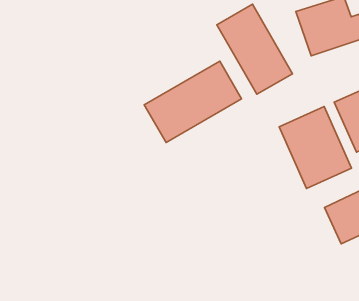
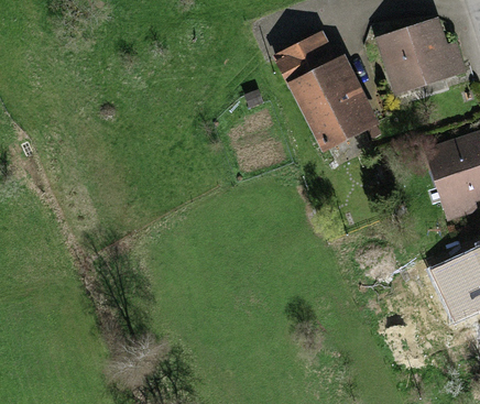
building: [144,61,242,143] -> none
building: [279,107,352,188] -> none

